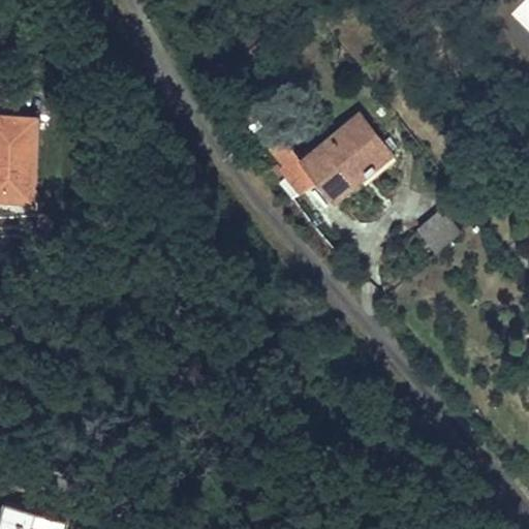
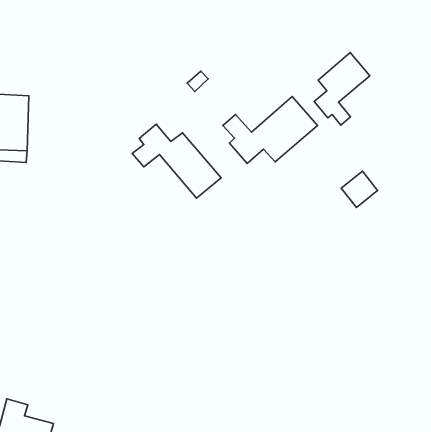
building: none -> [314,53,370,125]
building: none -> [132,124,221,198]

